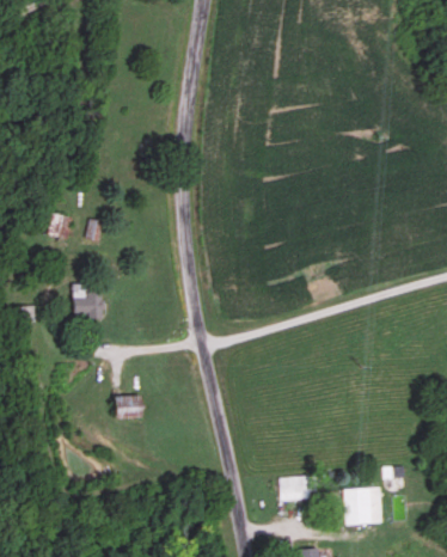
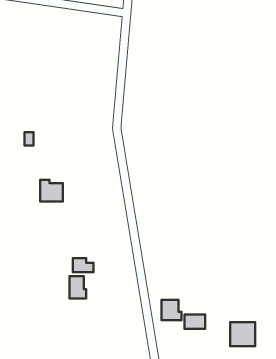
building: none -> [70,276,86,298]
building: none -> [162,300,181,320]

